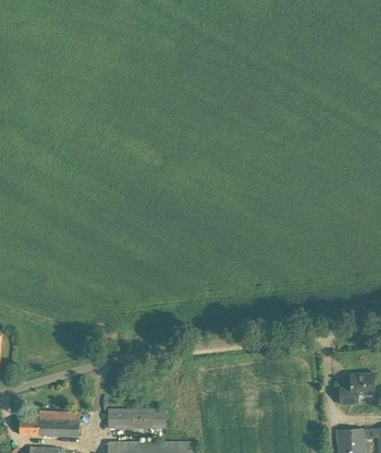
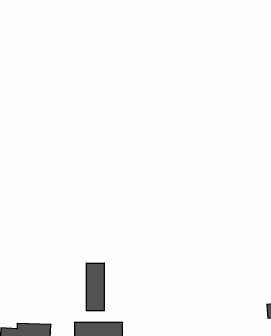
building: none -> [86,263,104,311]

